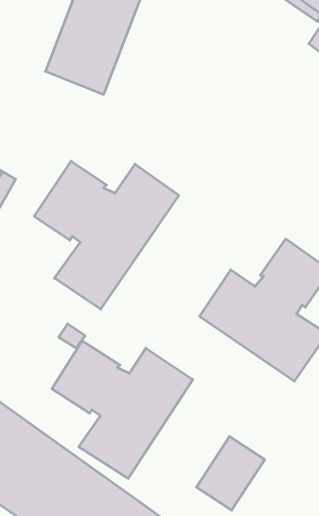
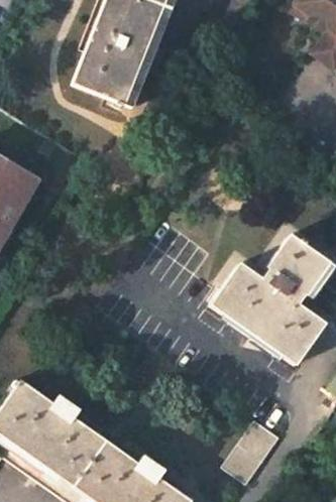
building: [34,161,179,309] -> none
building: [52,341,193,478] -> none

